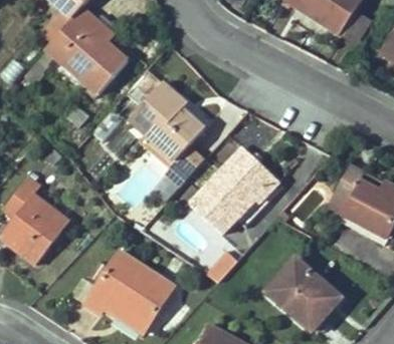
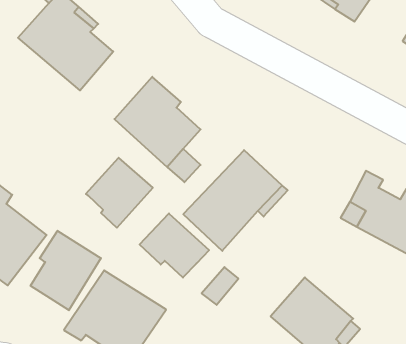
building: none -> [86,158,153,228]
building: none -> [140,213,209,278]
building: none -> [31,231,101,310]

